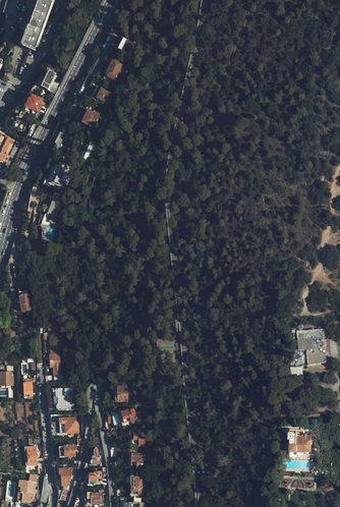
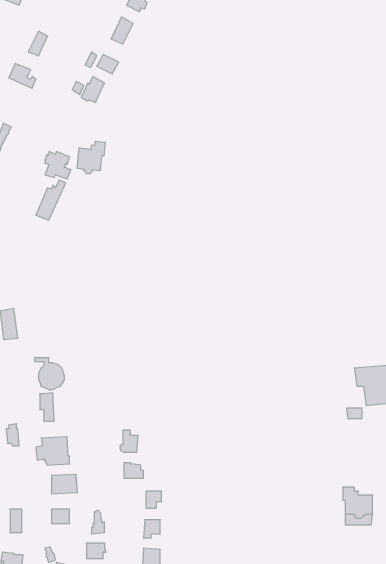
building: none -> [77,141,105,174]

